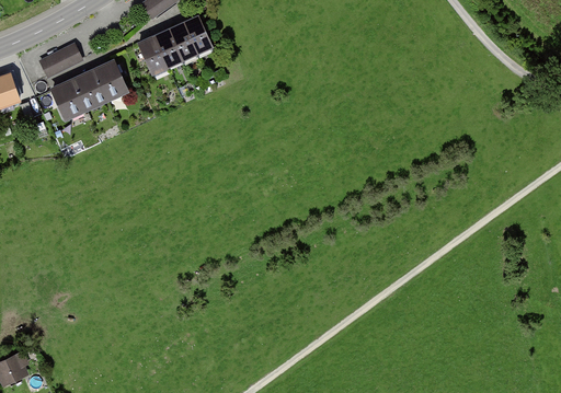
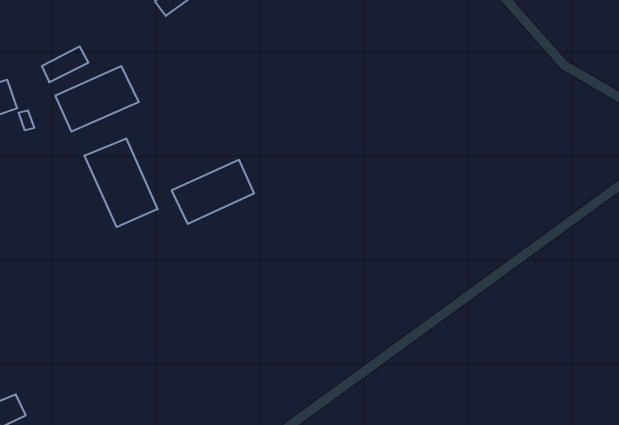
building: [138,15,211,72] -> [172,160,254,224]
building: none -> [84,138,158,227]

